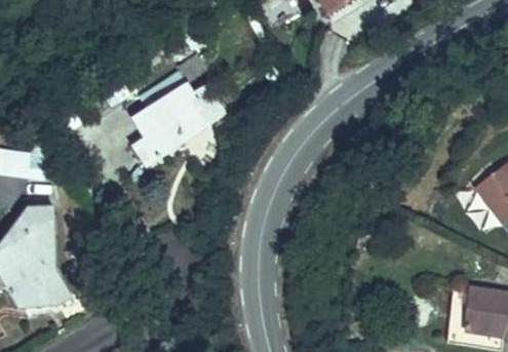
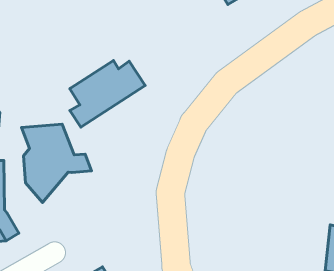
building: none -> [21,124,91,203]

